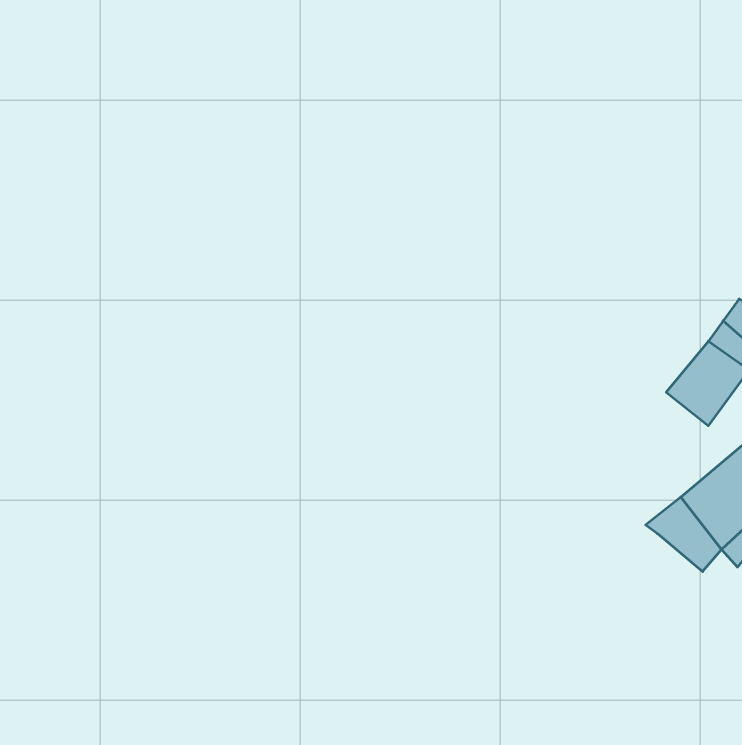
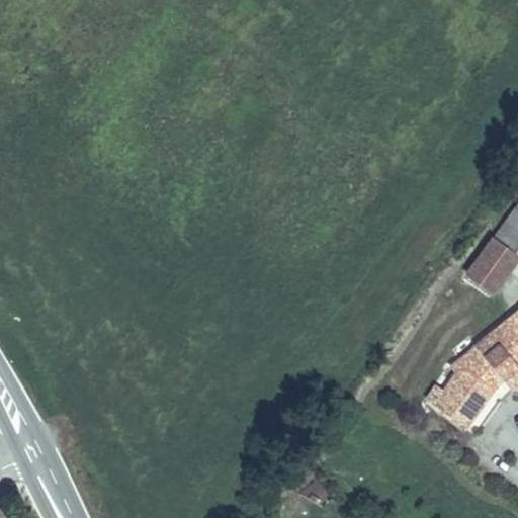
building: none -> [434,370,490,430]

